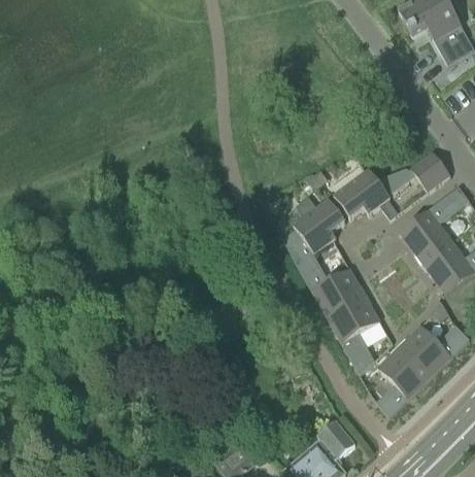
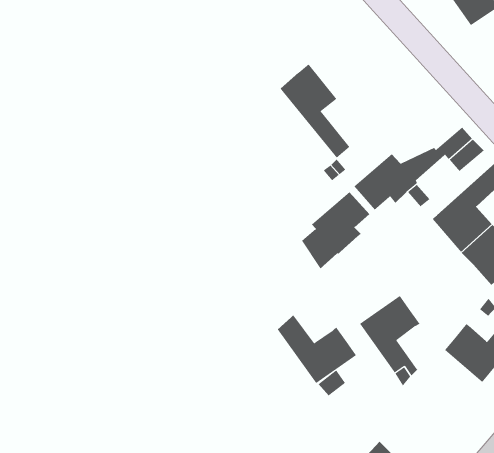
building: none -> [280,63,350,158]
building: [297,253,365,316] -> [277,314,357,384]
building: [376,346,430,417] -> none

